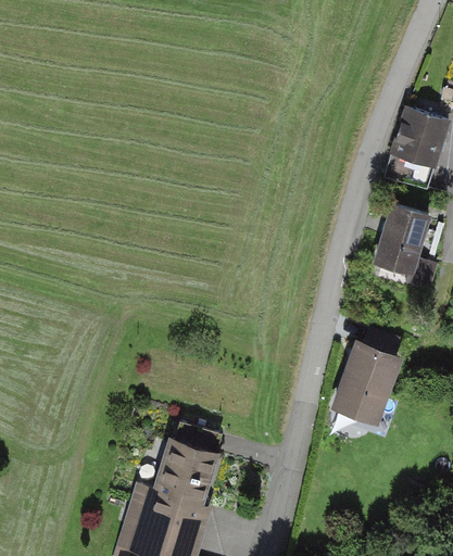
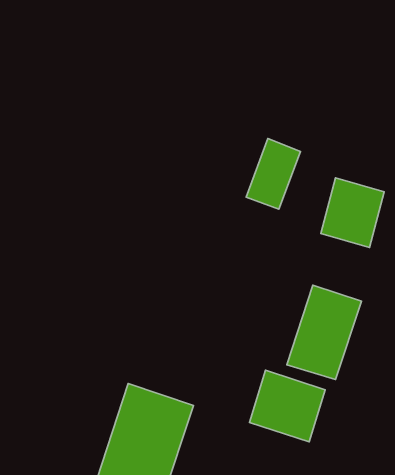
building: [377,108,437,185] -> [246,138,301,209]
building: none -> [250,370,325,442]

